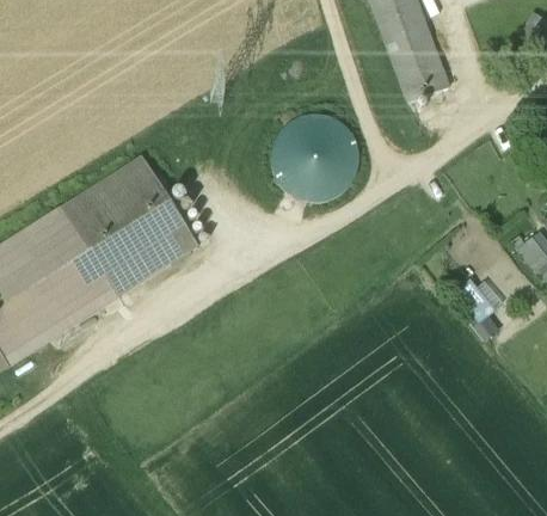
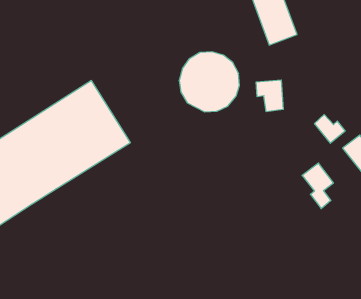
building: none -> [256,80,283,112]
building: none -> [315,115,345,143]

